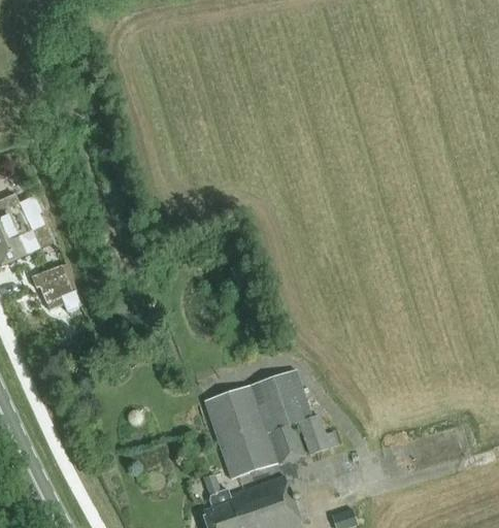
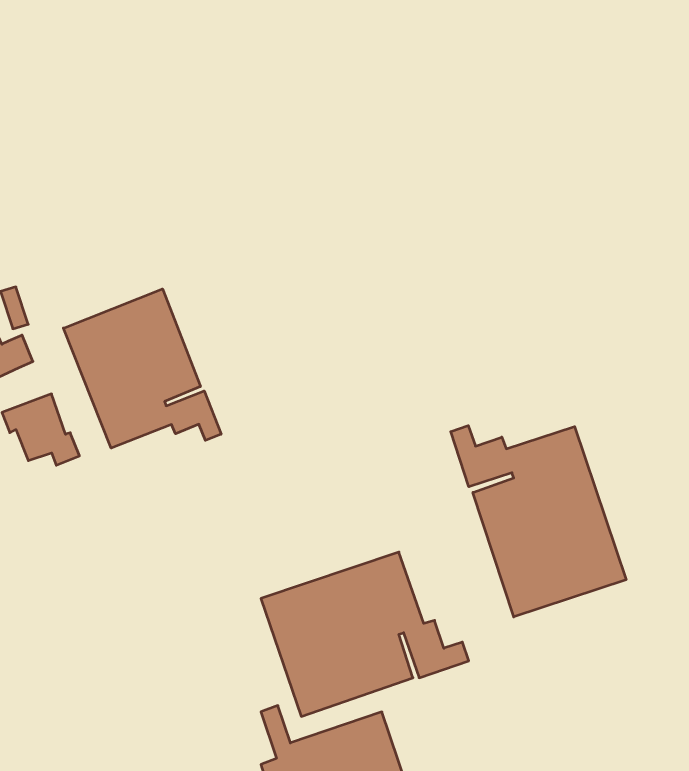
building: none -> [63,289,221,448]
building: none -> [451,426,626,617]

